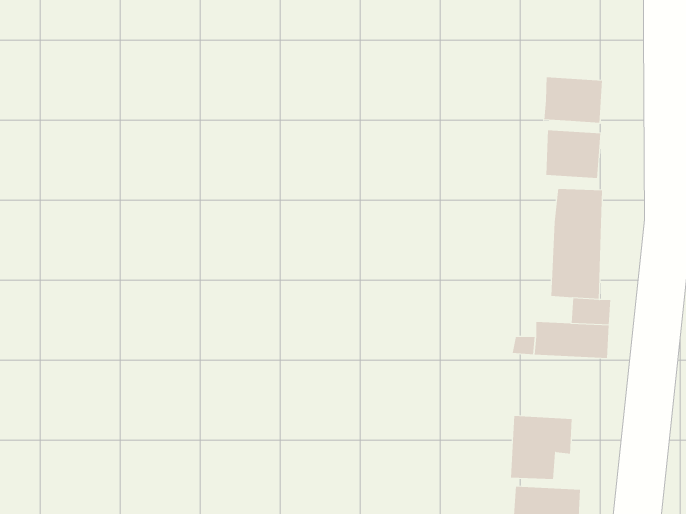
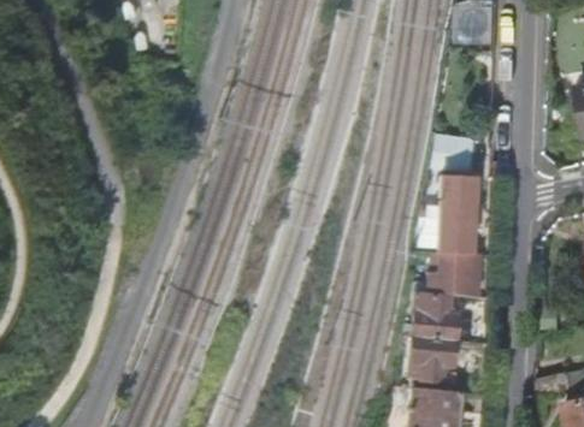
building: [544,77,603,123] -> none
building: none -> [412,300,455,342]

